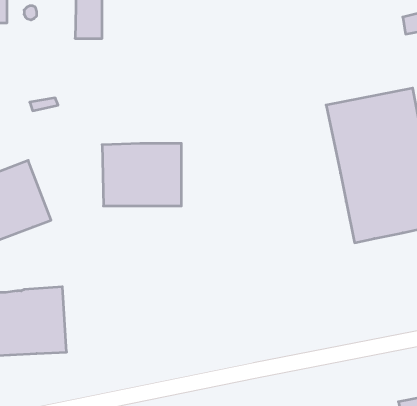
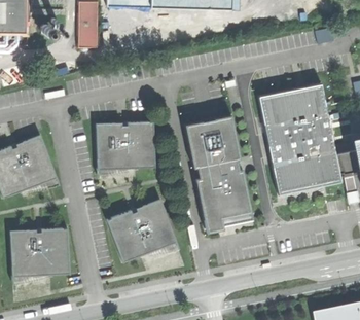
building: none -> [183,114,252,234]
building: none -> [105,199,176,262]

